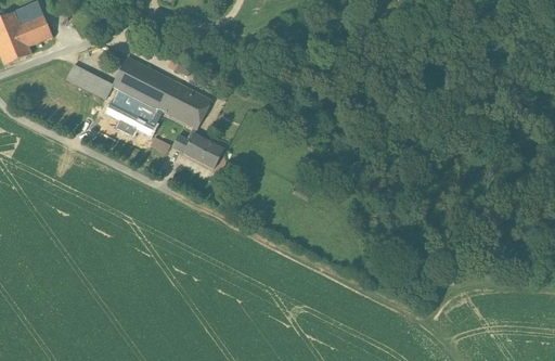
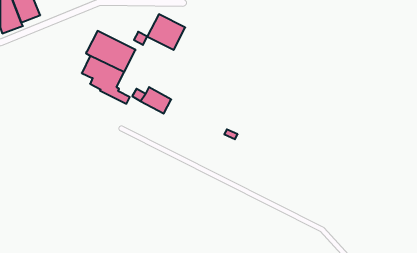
building: [67,64,114,99] -> none
building: [163,82,212,129] -> [147,14,185,50]

